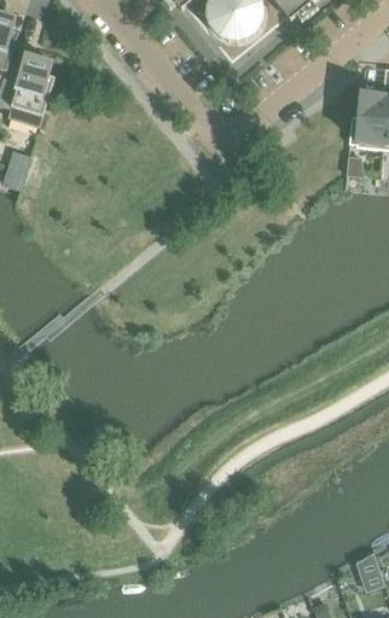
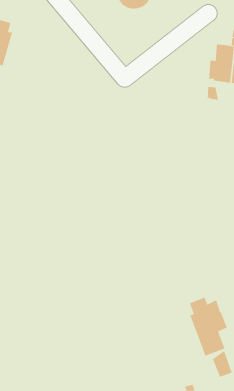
building: none -> [189,297,228,357]

